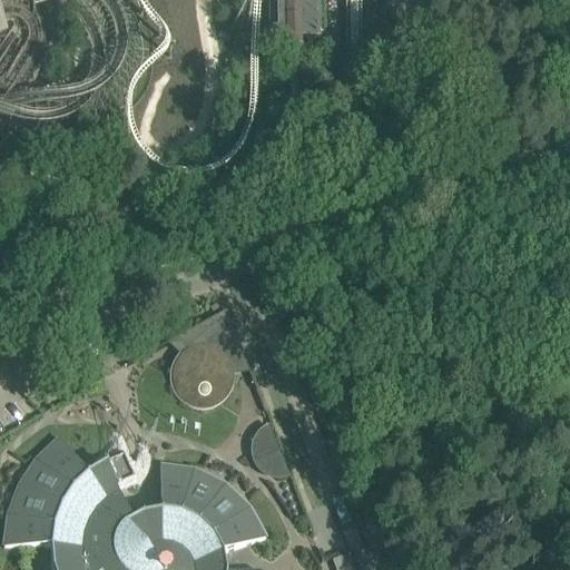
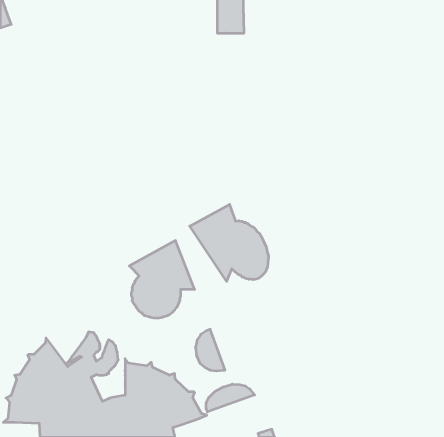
building: none -> [190,204,269,281]
building: none -> [206,384,255,412]

